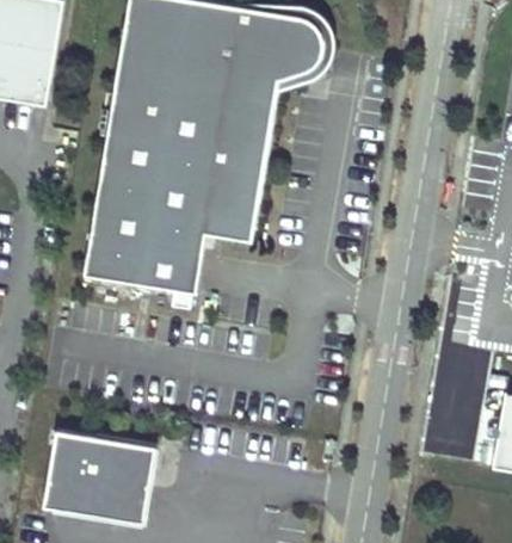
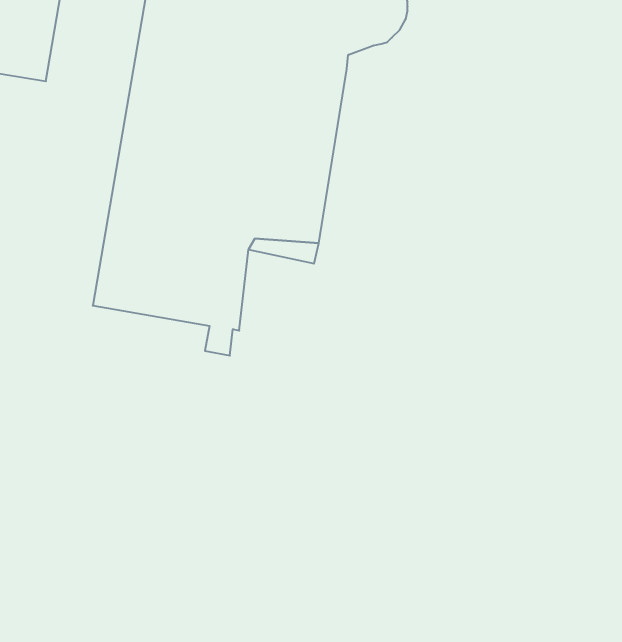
building: [45,433,158,526] -> none

